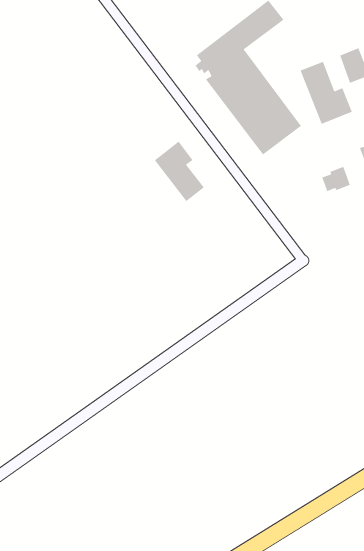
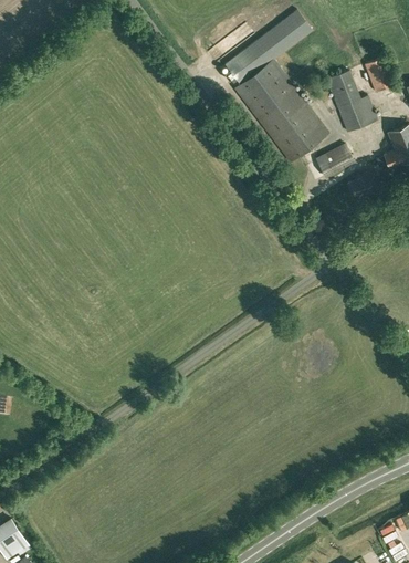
building: none -> [315,144,355,178]
building: [154,141,205,202] -> none

